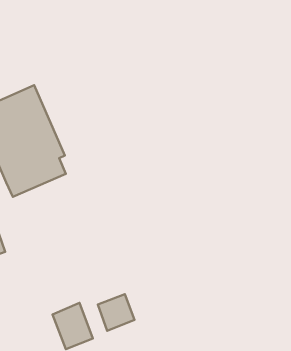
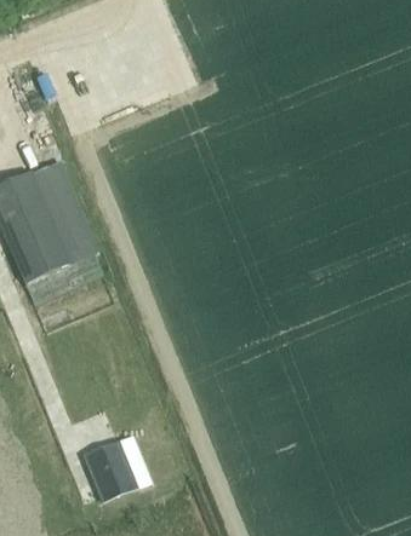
building: [98,294,135,331] -> none

